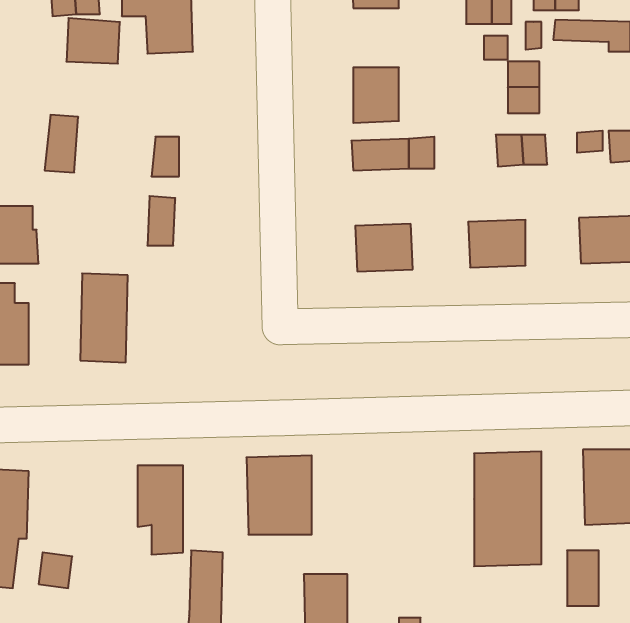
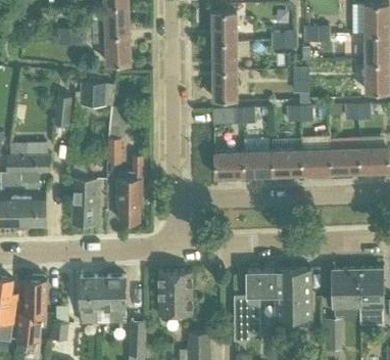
building: none -> [213,41,237,72]
building: [66,18,120,64] -> [80,83,107,106]
building: none -> [302,149,331,174]
building: none -> [243,151,274,176]
building: none -> [117,155,143,222]
building: none -> [234,271,276,342]
building: none -> [80,277,102,323]

